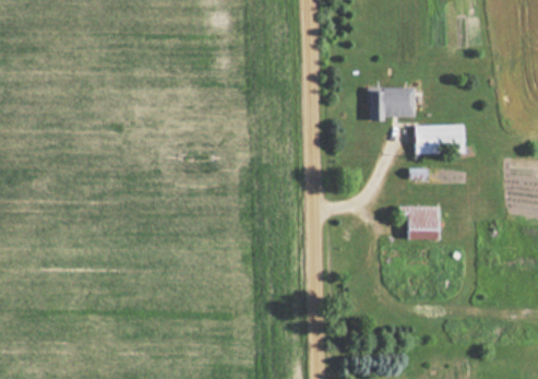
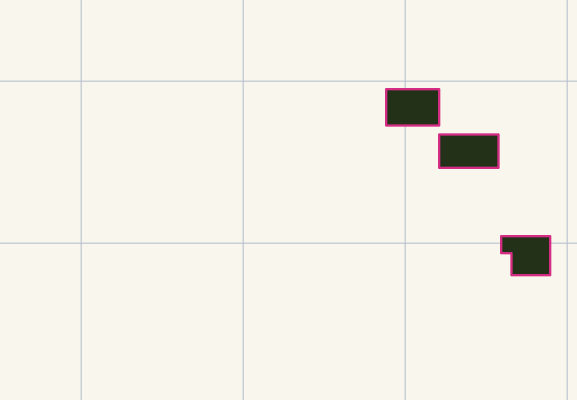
building: [398,206,440,239] -> [501,236,550,275]

